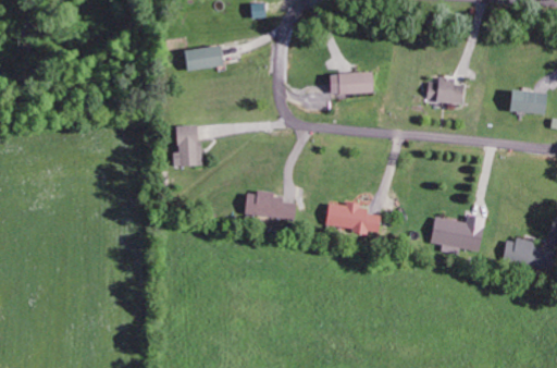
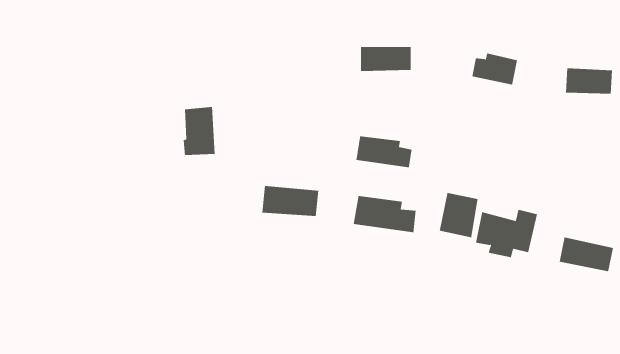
building: [183,44,223,72] -> none
building: none -> [356,135,412,168]
building: none -> [439,192,478,238]

